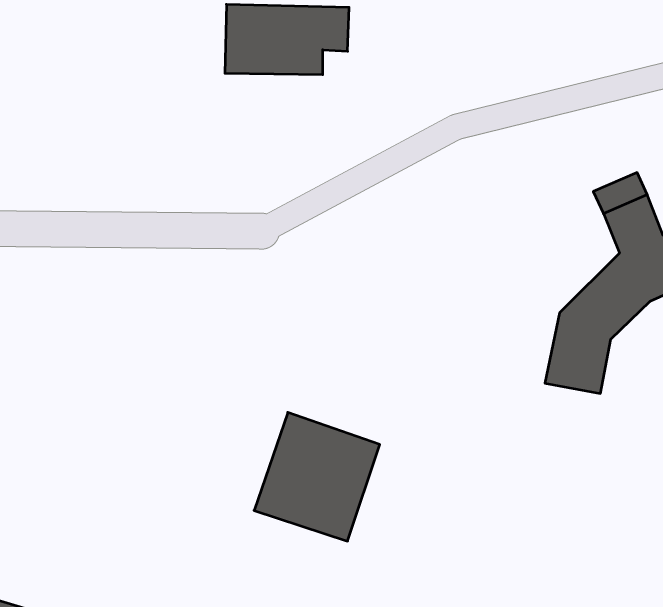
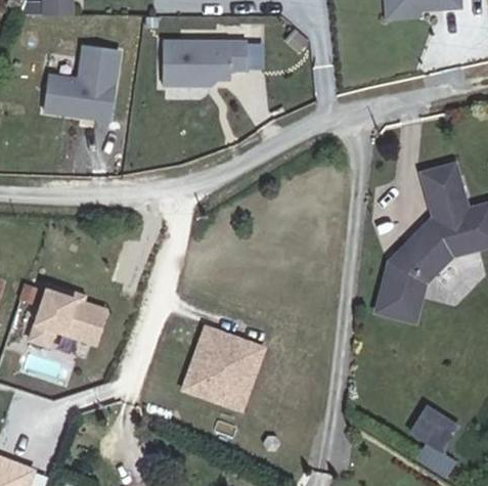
building: none -> [42,48,118,122]
building: none -> [23,284,108,351]
building: none -> [402,407,450,453]

